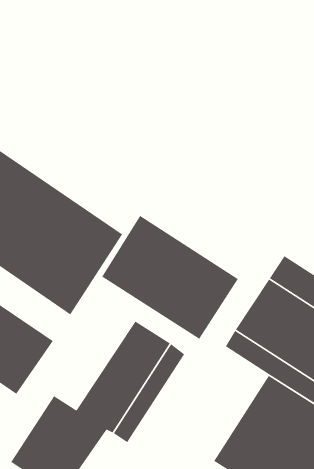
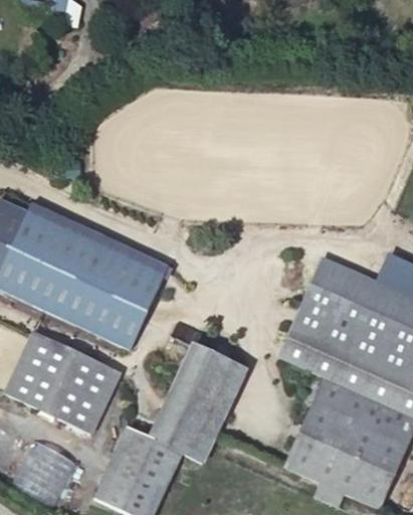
building: [101,215,239,340] -> none

